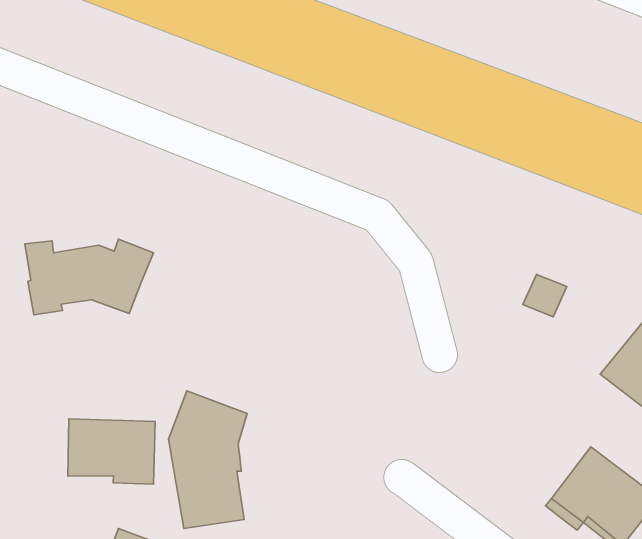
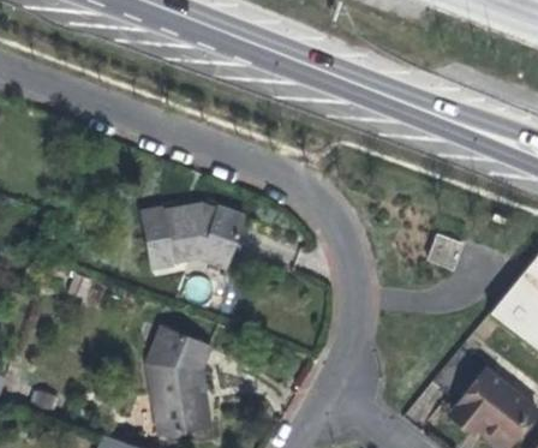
building: [25,239,153,315] -> [143,208,245,268]
building: [68,419,155,484] -> none

